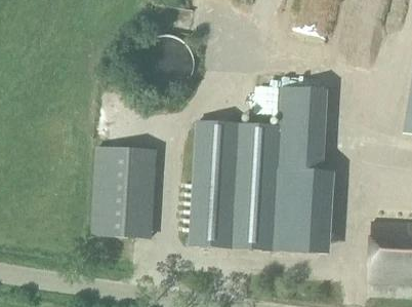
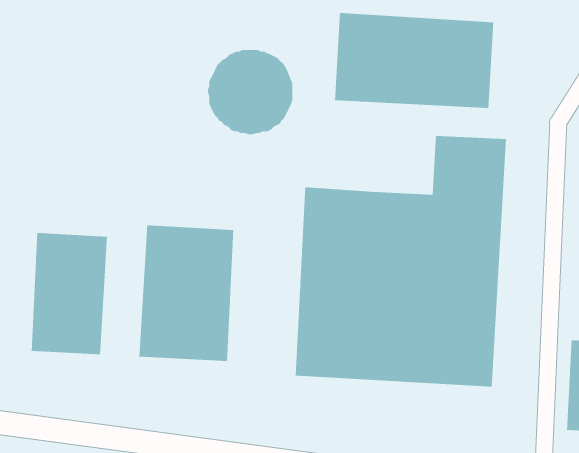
building: none -> [334,12,494,109]
building: none -> [31,232,108,355]

